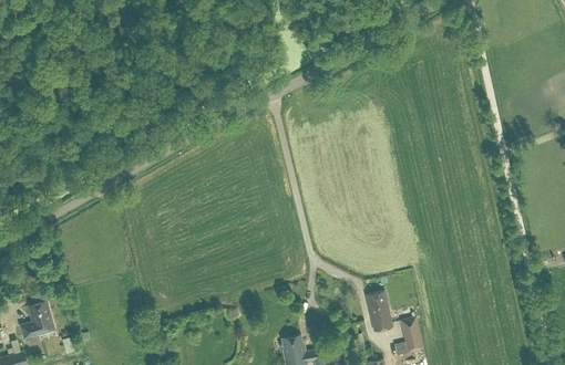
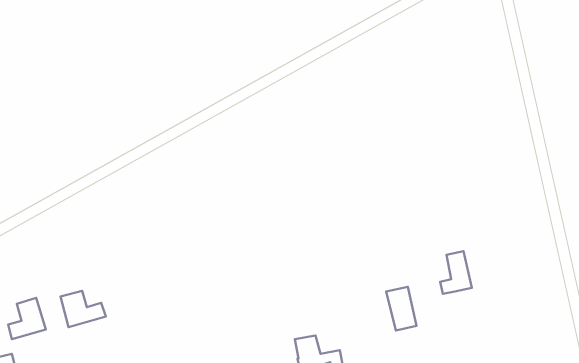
building: none -> [61,291,106,327]
building: [394,316,423,355] -> [440,251,472,294]

